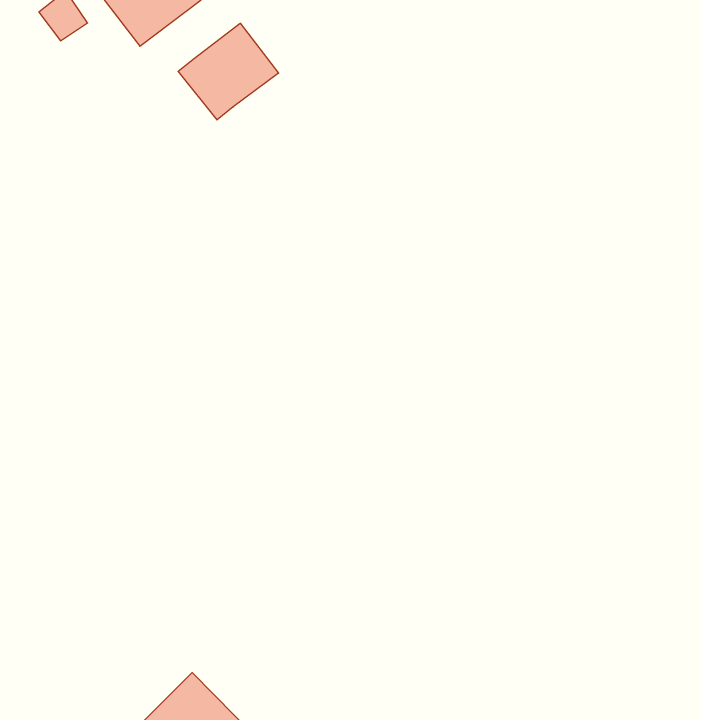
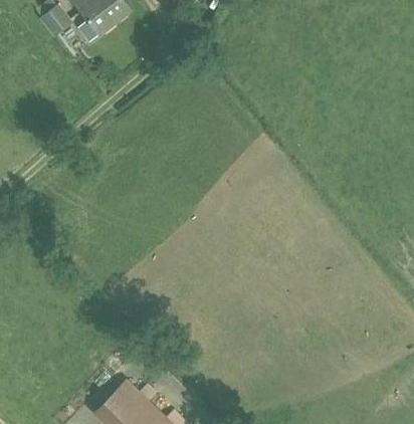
building: [178,23,279,120] -> none

